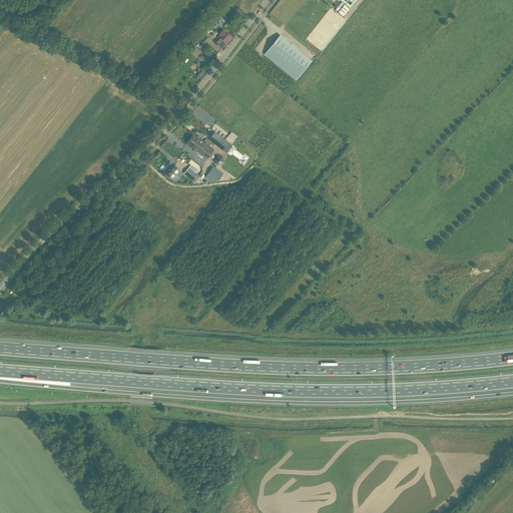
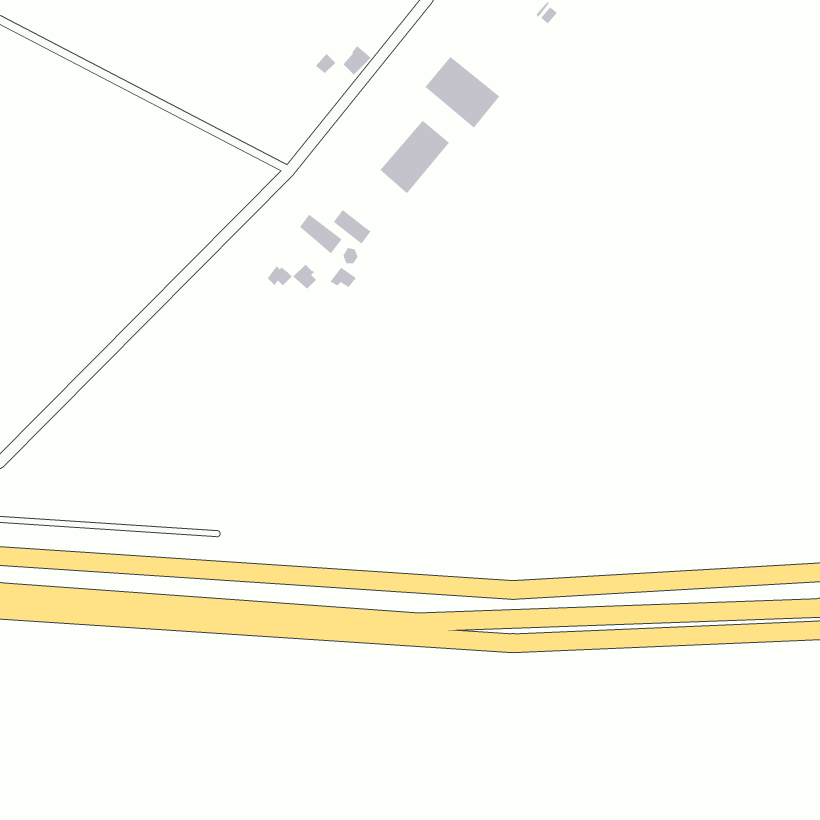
building: none -> [379,120,450,194]

